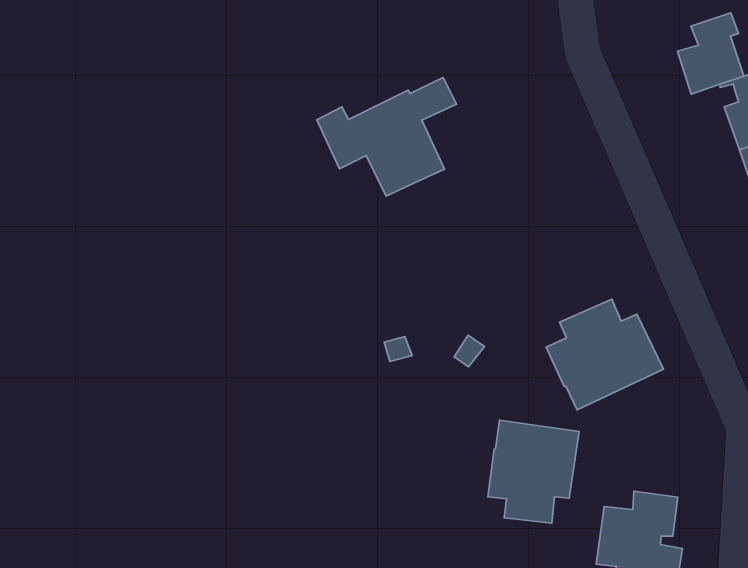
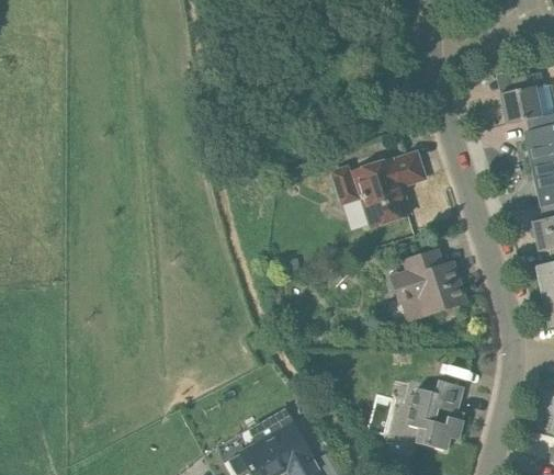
building: [317,78,456,196] -> [329,154,422,227]
building: [488,420,579,523] -> none

